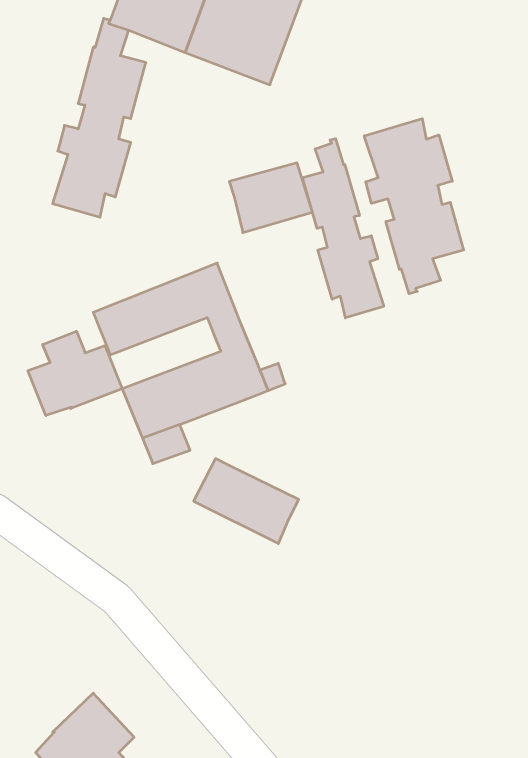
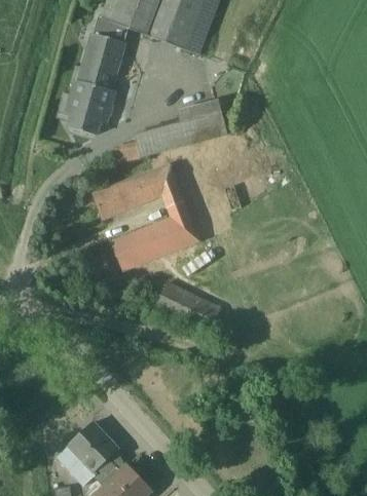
building: [364,119,464,294] -> none
building: [303,139,384,318] -> none
building: [28,331,122,416] -> none

